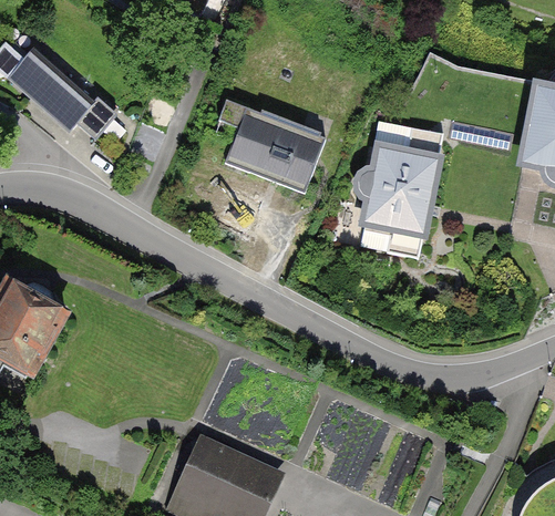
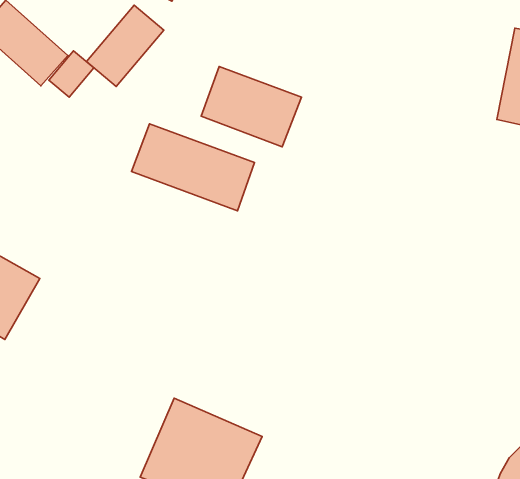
building: none -> [87,5,164,87]
building: [352,127,443,259] -> none
building: none -> [131,124,254,211]

